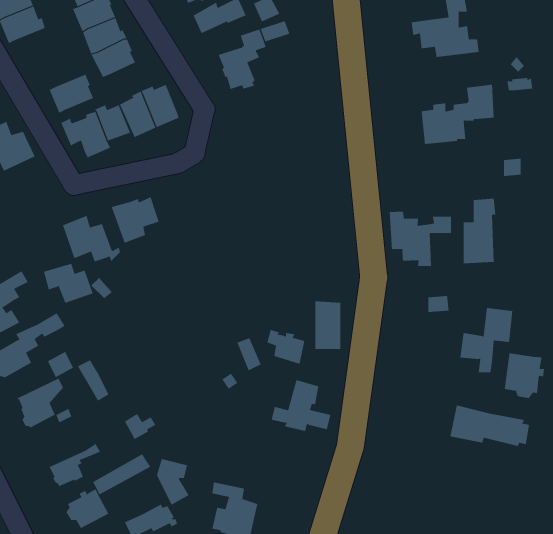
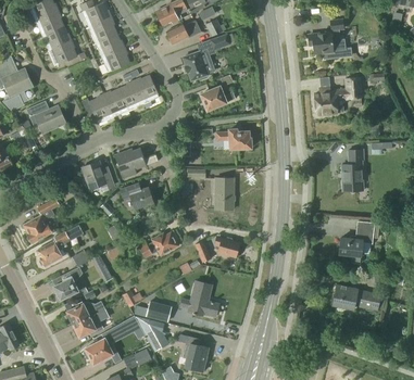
building: [49,73,94,113] -> [48,39,77,65]
building: none -> [201,86,236,110]
building: none -> [216,128,253,148]
building: [389,211,451,267] -> none
building: [43,263,93,303] -> [122,182,154,208]
building: [314,301,341,350] -> [216,177,234,208]
building: none -> [140,231,179,257]
building: [504,353,545,399] -> none
building: [271,379,331,431] -> [180,280,219,314]
building: none -> [67,300,105,324]
building: none -> [135,301,172,321]

